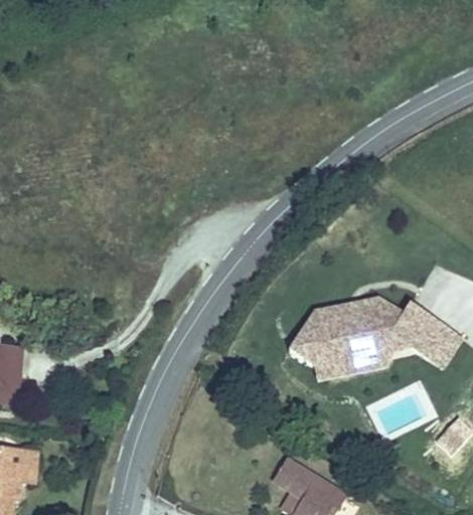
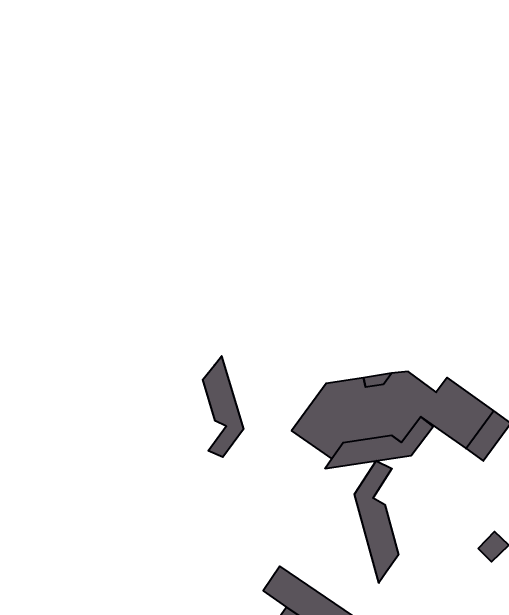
building: none -> [203,356,244,457]
building: none -> [355,461,398,583]

